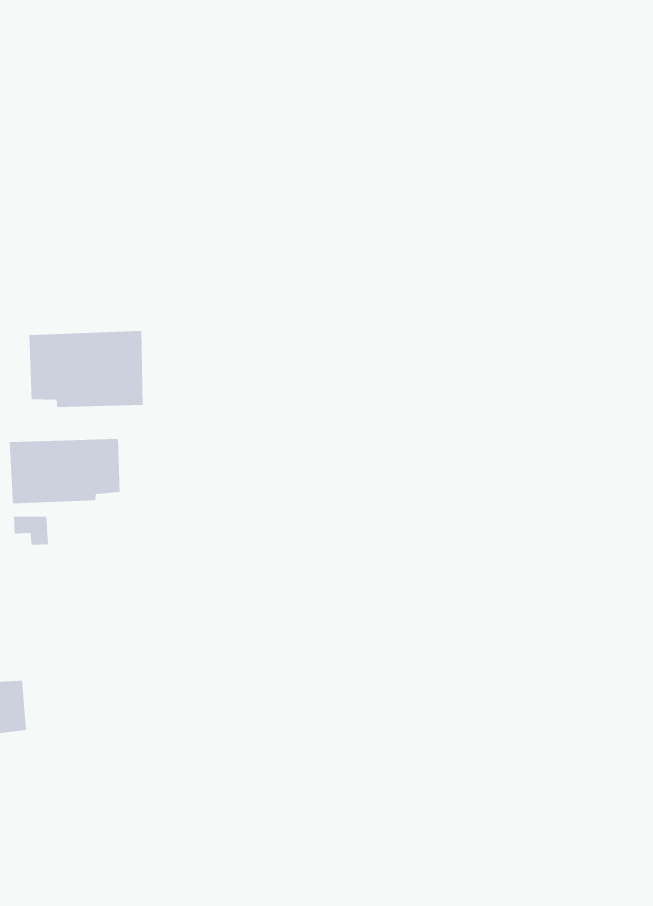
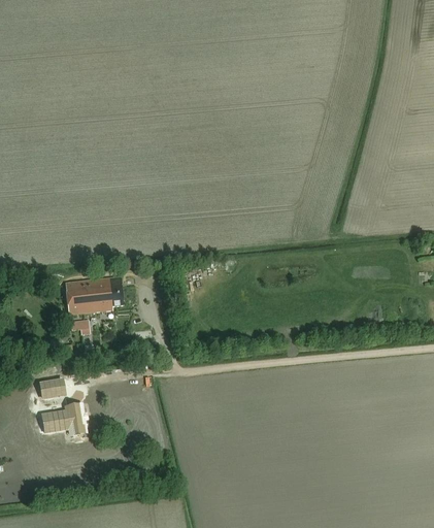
building: [29,330,143,408] -> none

